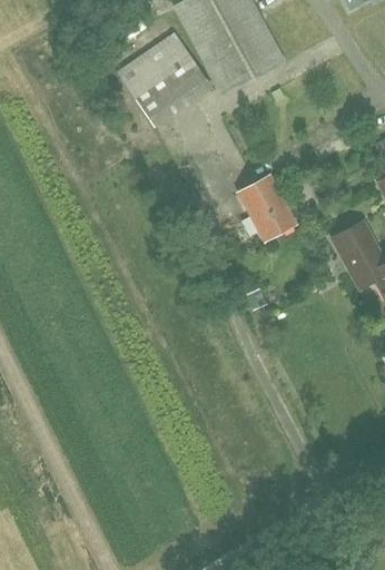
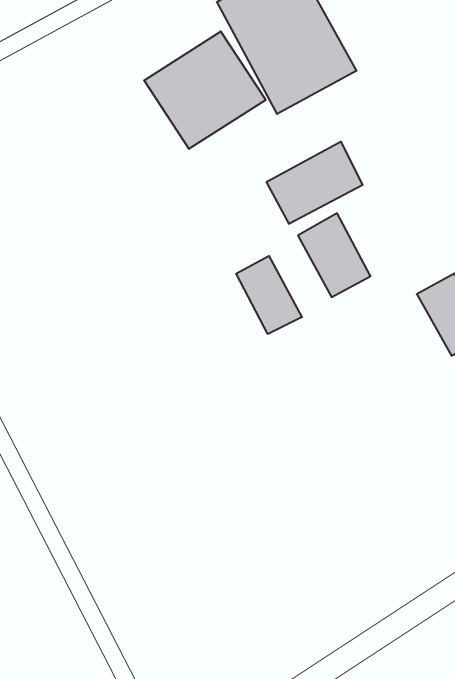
building: none -> [267,142,363,224]
building: none -> [236,256,302,334]

